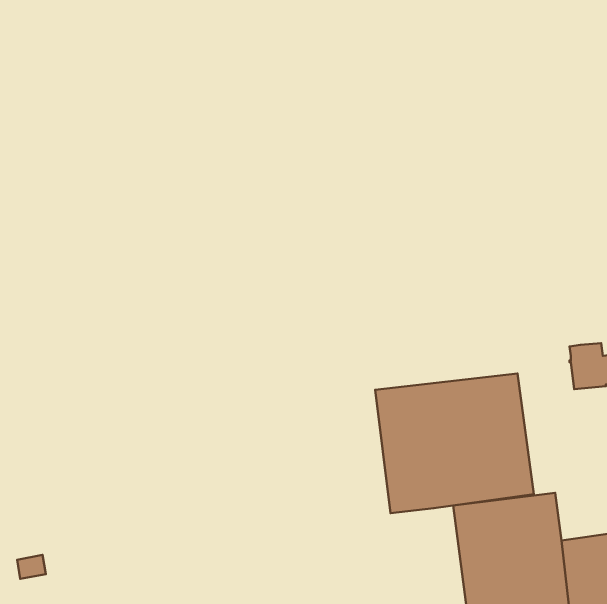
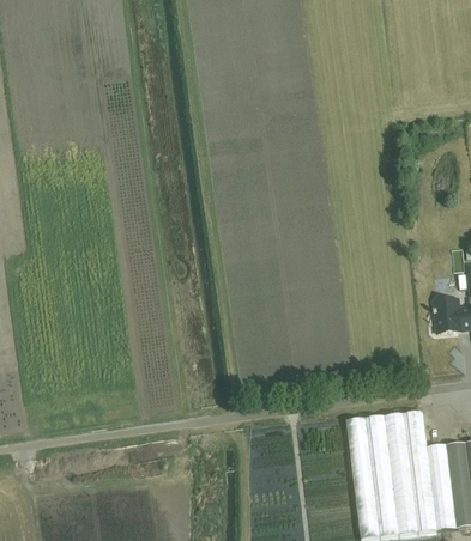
building: [375,373,534,513] -> none

